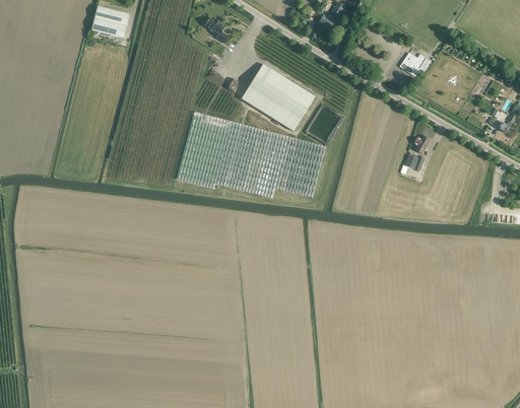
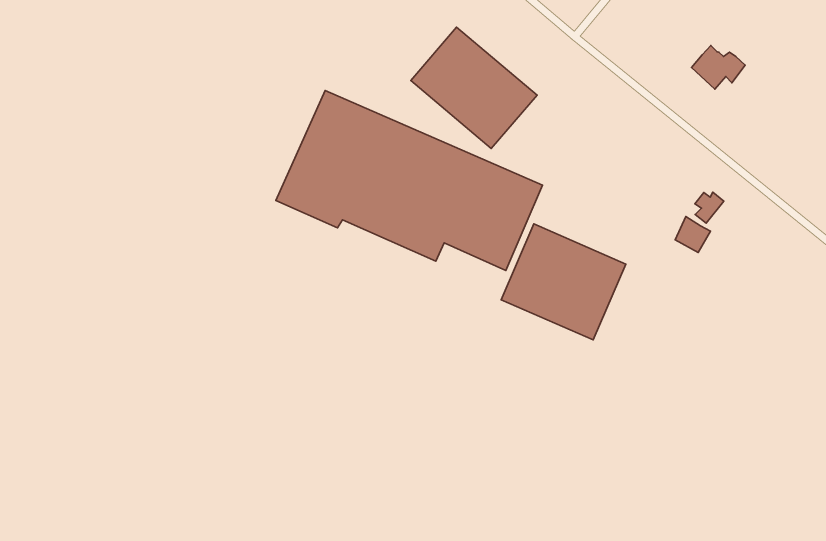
building: none -> [501,224,626,340]

